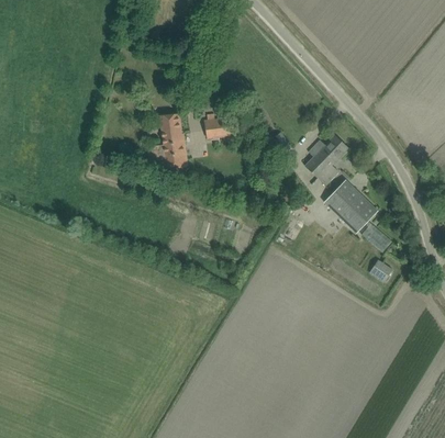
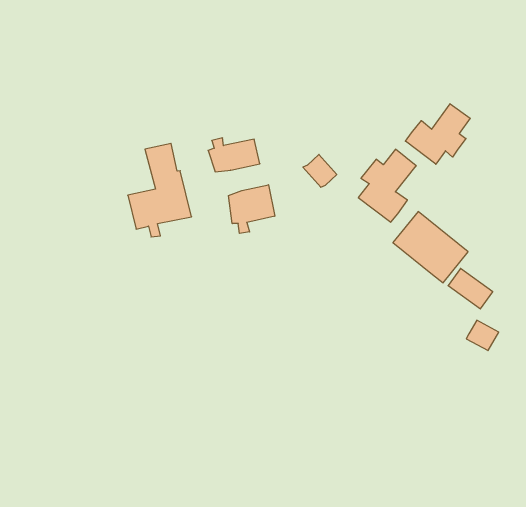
building: none -> [405,104,470,164]
building: none -> [228,185,275,233]

